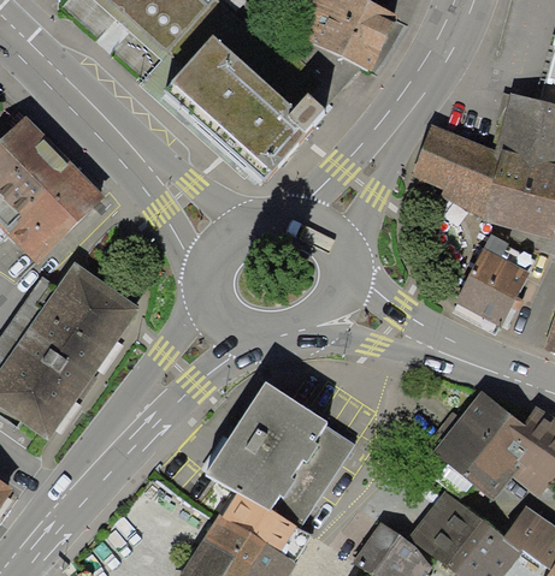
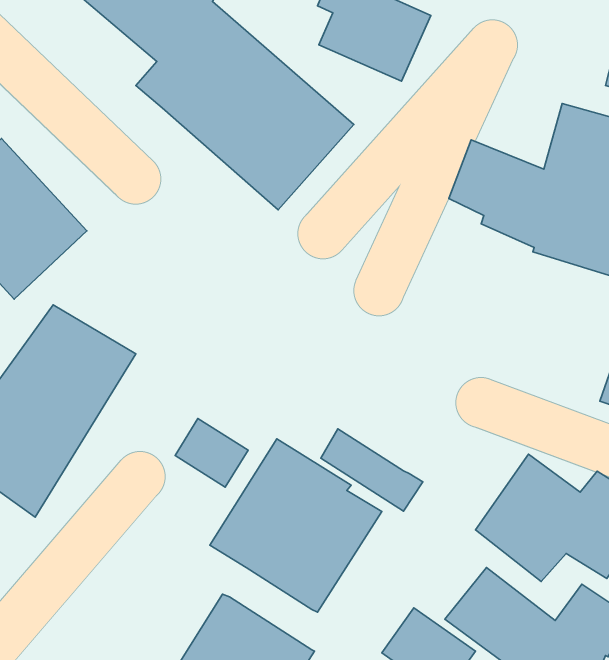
building: [454,245,530,326] -> none
building: none -> [175,419,248,487]
building: [224,491,312,562] -> [321,429,423,511]

